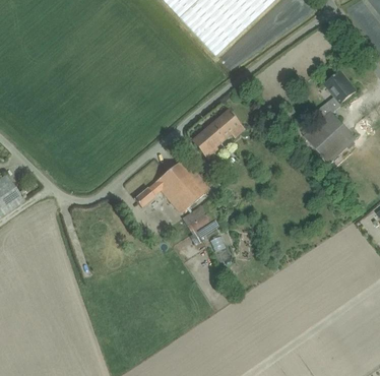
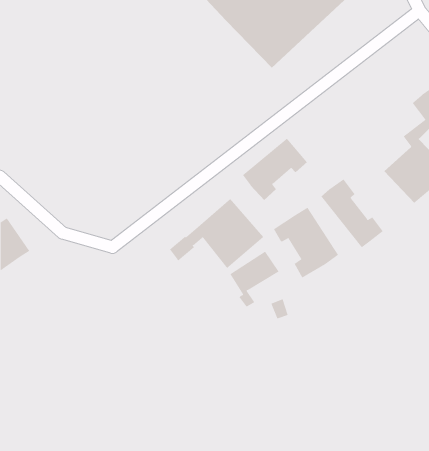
building: none -> [320,178,384,248]
building: none -> [273,207,339,278]

